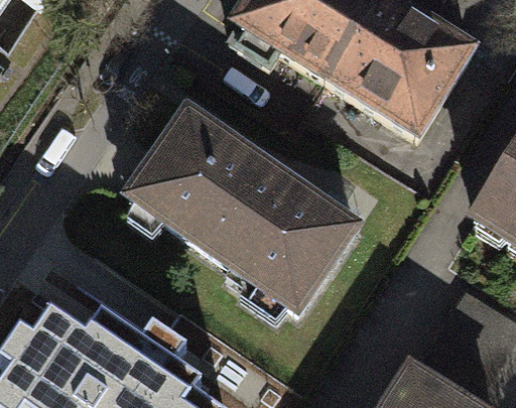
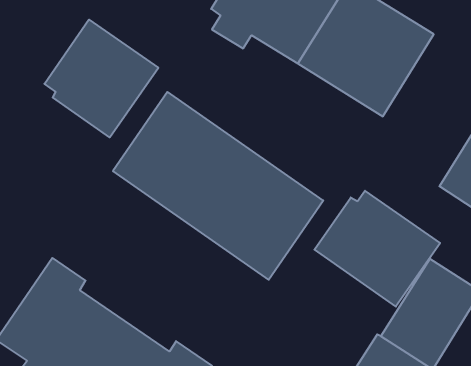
building: none -> [44,20,158,137]
building: none -> [314,191,440,307]

